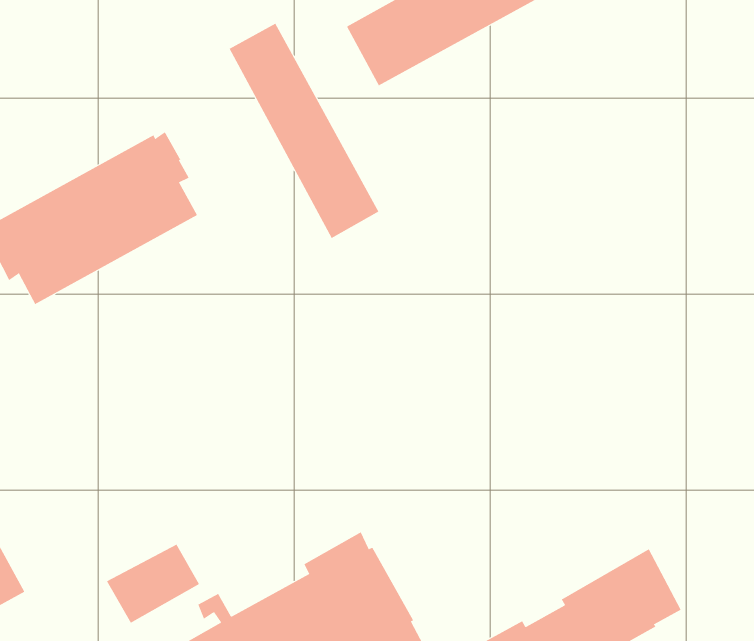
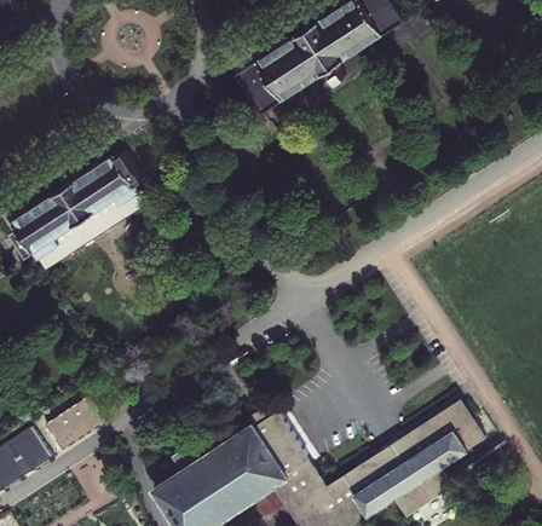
building: [229,23,379,239] -> none
building: [106,544,200,623] -> [42,400,104,455]

